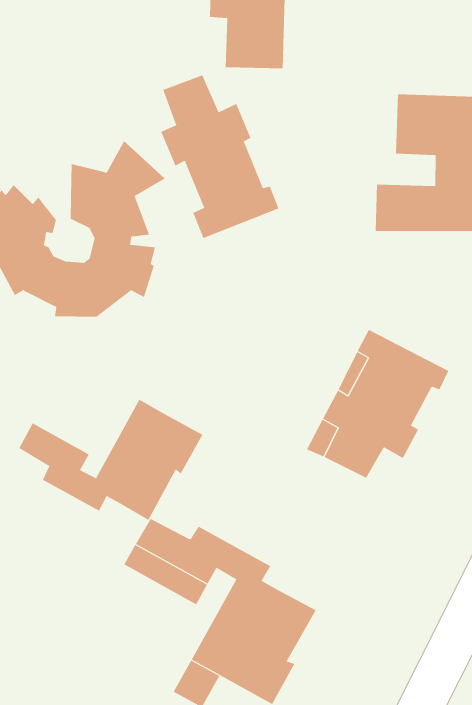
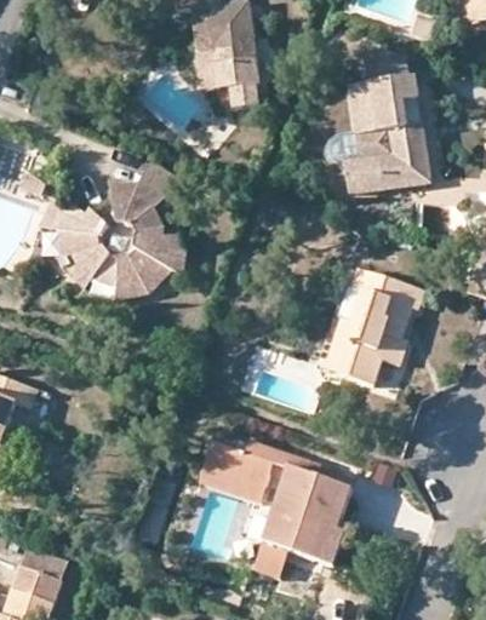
building: [161,75,279,239] -> none
building: none -> [92,207,135,257]
building: [19,399,203,521] -> none

